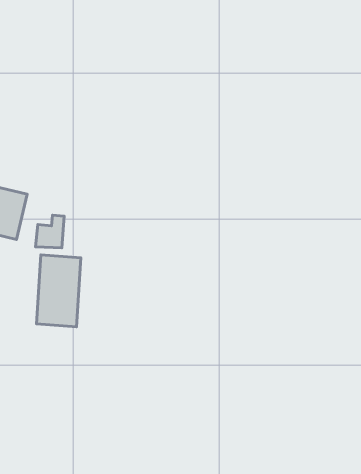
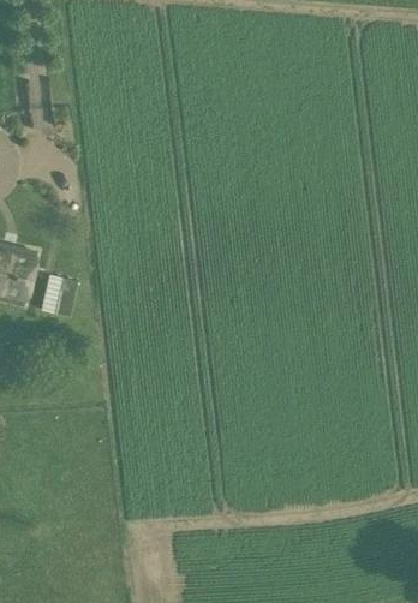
building: [36,255,81,327] -> none

